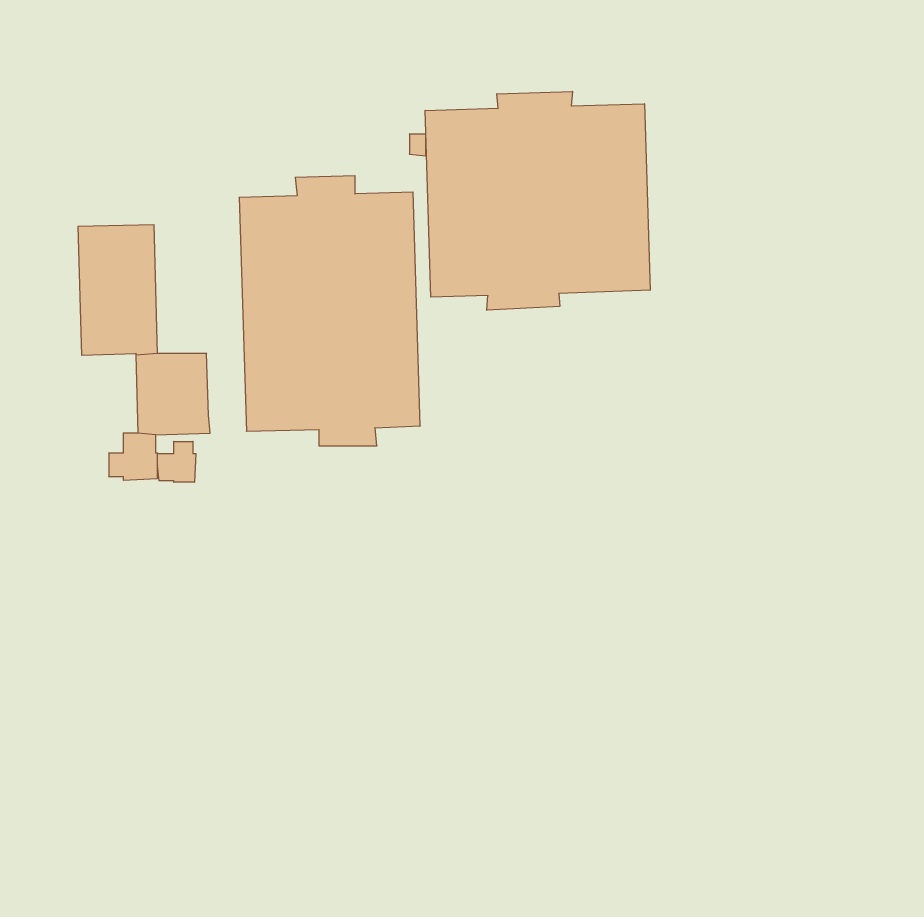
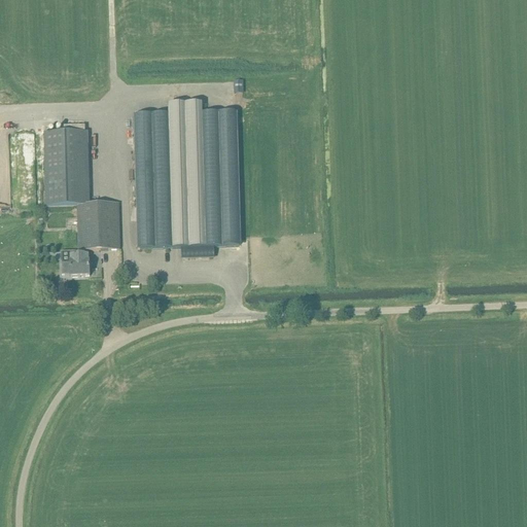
building: [425,91,650,310] -> none
building: [158,441,196,482] -> none

